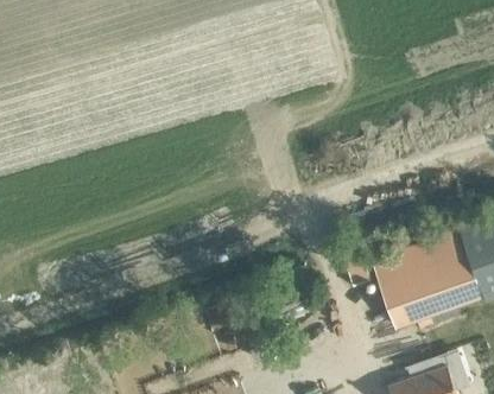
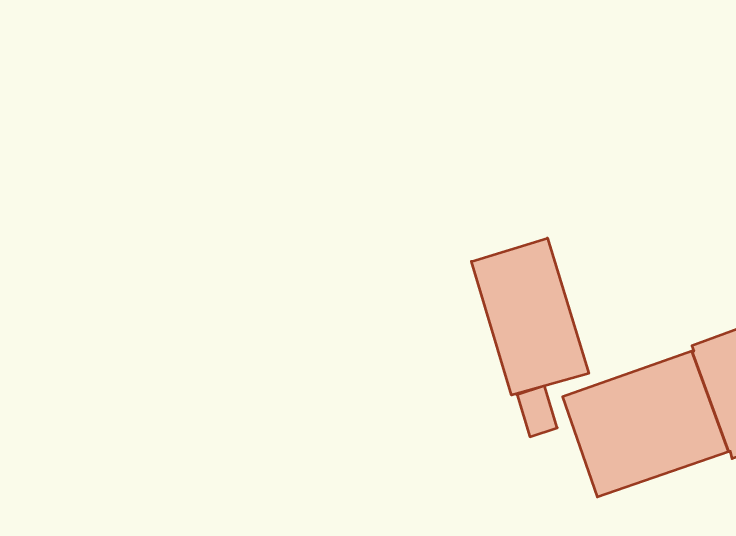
building: none -> [471,238,589,395]

